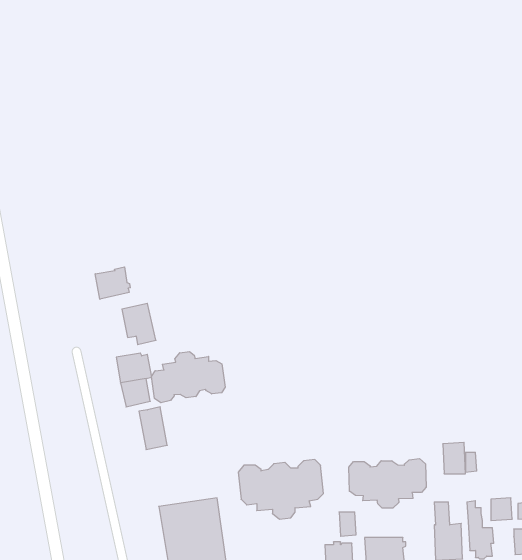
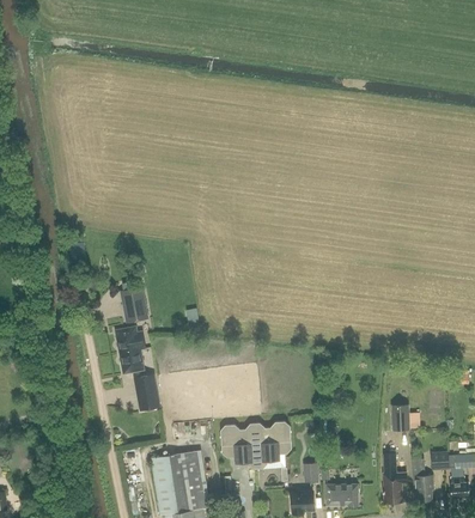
building: [95,267,130,299] -> none
building: [152,352,225,403] -> none
building: [349,459,426,508] -> none

